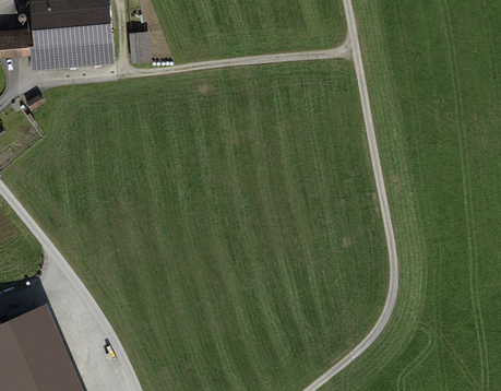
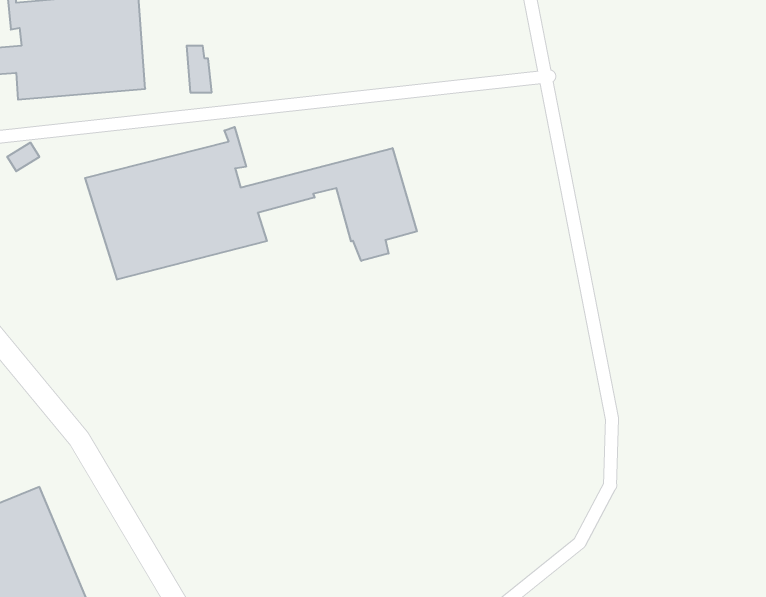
building: none -> [85,127,417,280]

